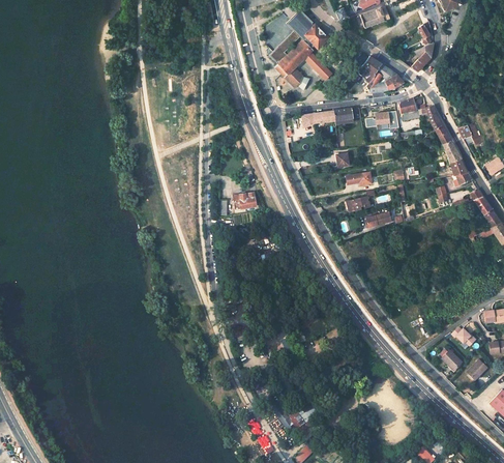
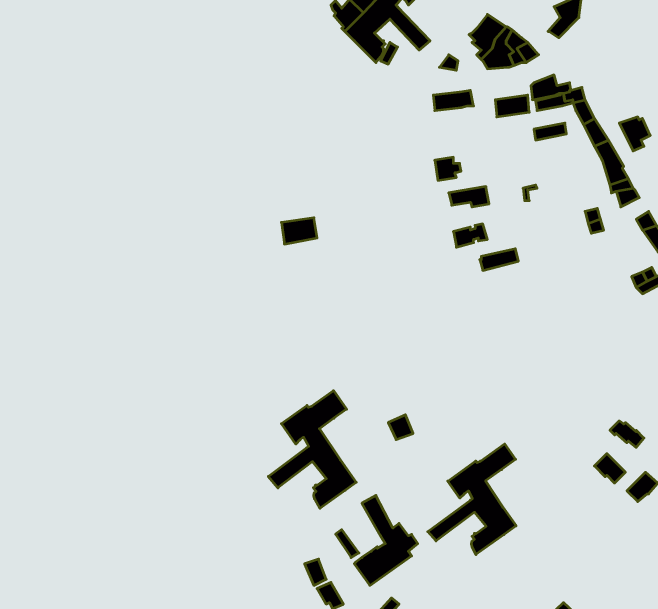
building: [302,110,335,133] -> none
building: none -> [268,391,356,508]
building: none -> [428,444,516,555]

